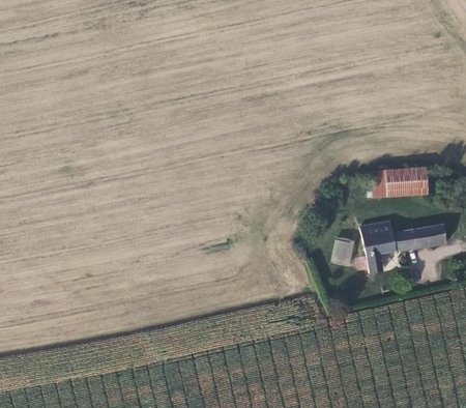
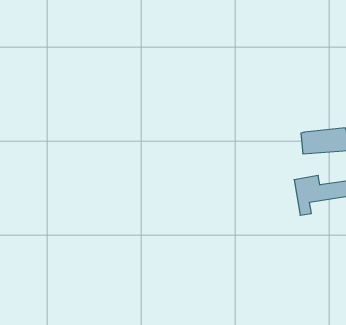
building: [333,239,355,266] -> none

